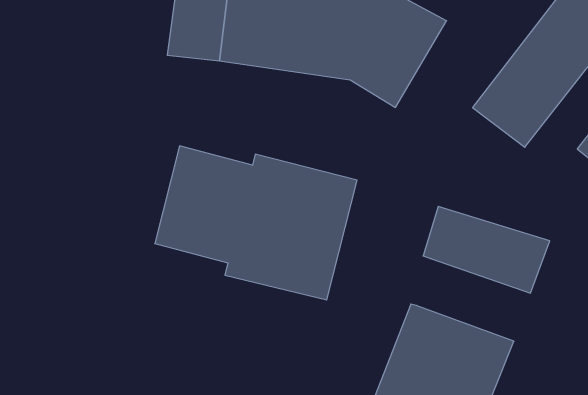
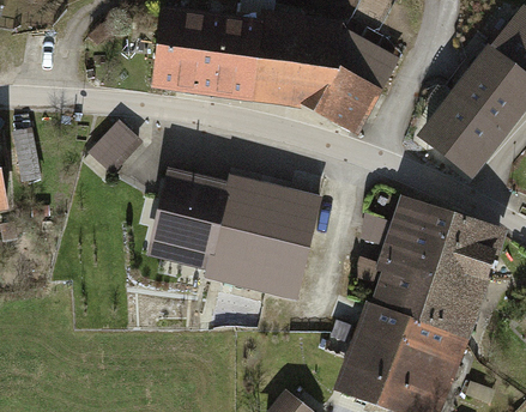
building: none -> [89,120,145,176]
building: none -> [393,196,496,249]
building: none -> [374,265,473,337]

